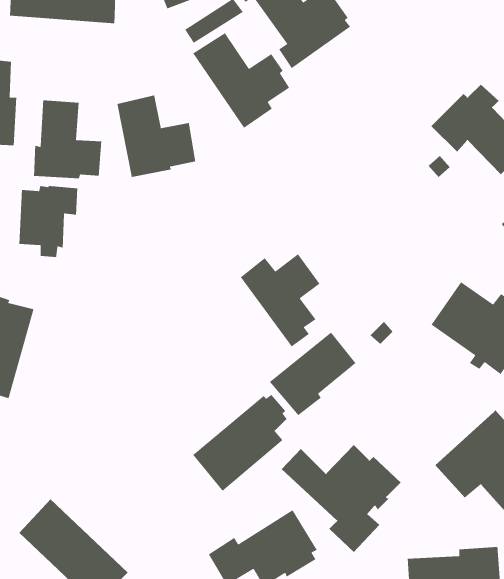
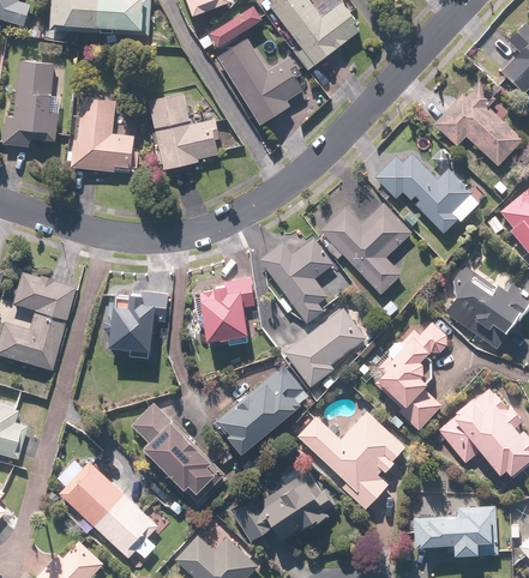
building: none -> [375,155,480,235]
building: [19,185,78,258] -> [115,293,169,359]
building: none -> [321,204,414,295]
building: none -> [203,277,257,345]
building: none -> [374,321,449,428]
building: none -> [132,404,220,490]

